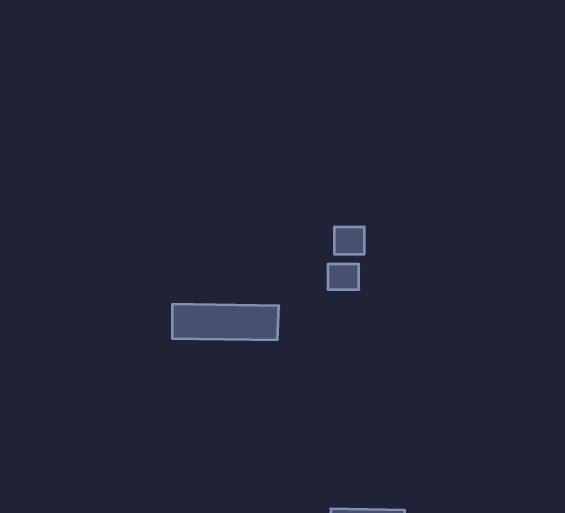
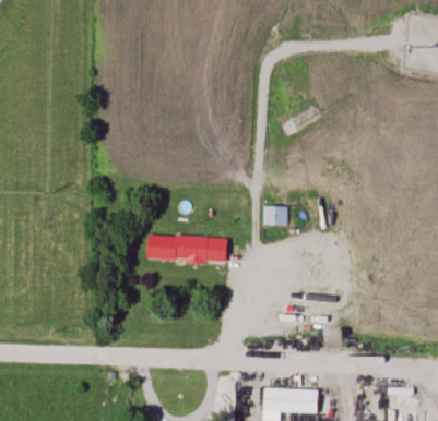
building: [335,227,364,254] -> none

